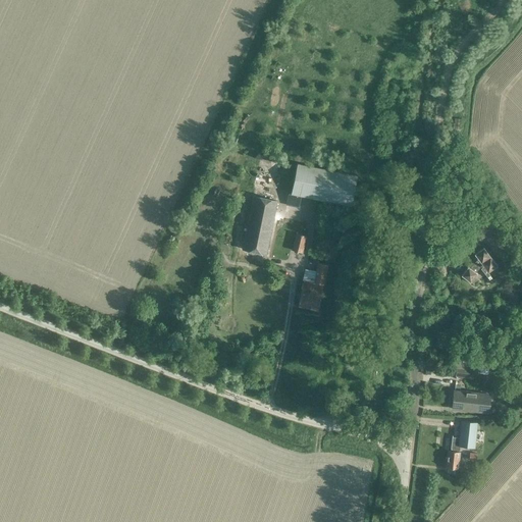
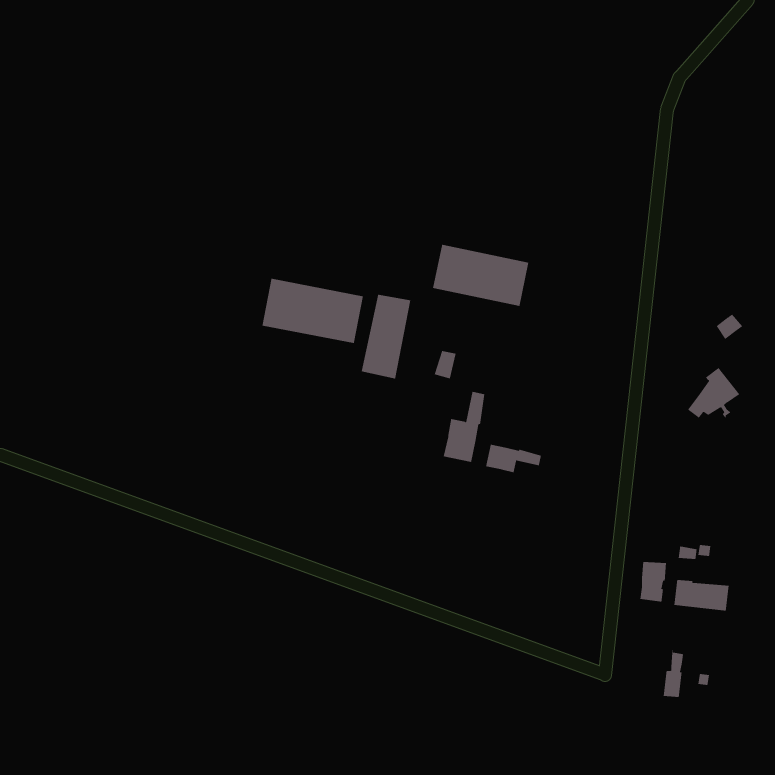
building: none -> [262,278,364,344]
building: none -> [485,444,541,473]
building: [459,421,477,449] -> [640,561,667,602]

